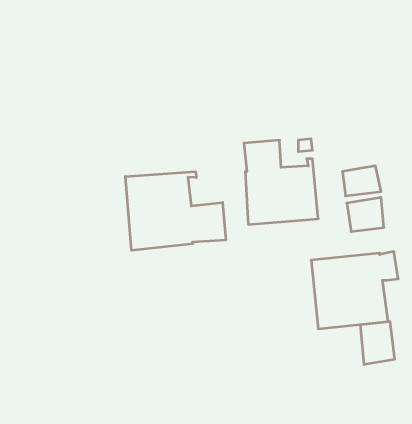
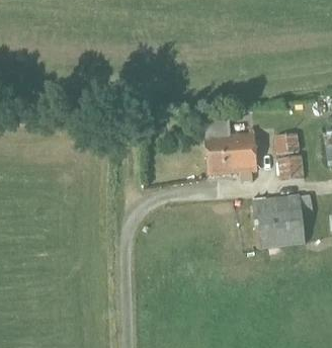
building: [125,172,226,250] -> none
building: [360,322,394,365] -> none

